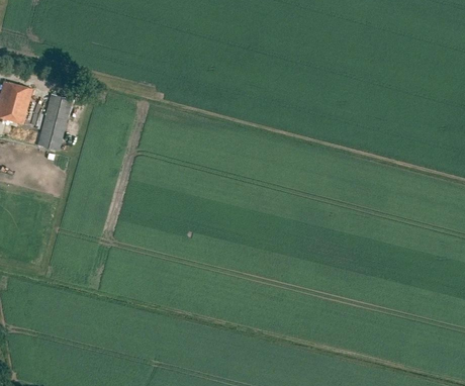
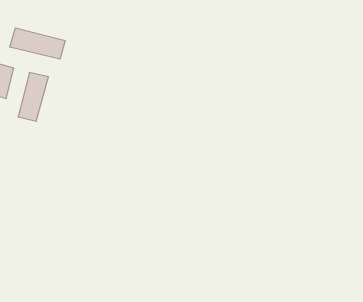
building: none -> [10,28,65,59]

